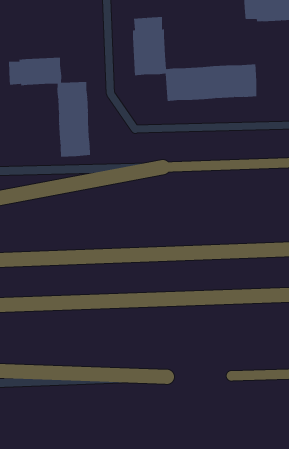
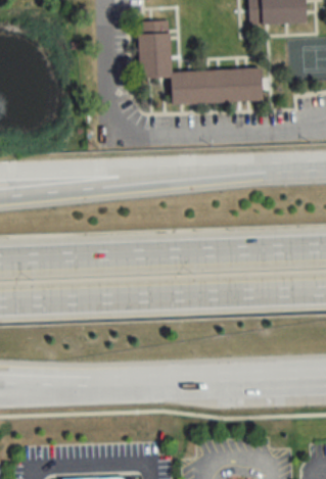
building: [9,57,90,158] -> none

